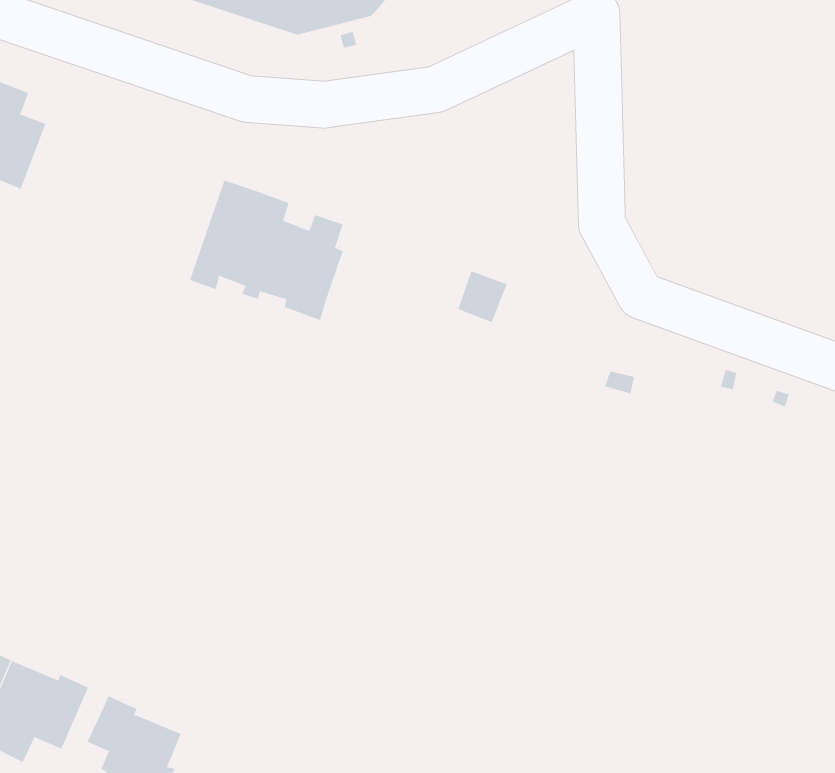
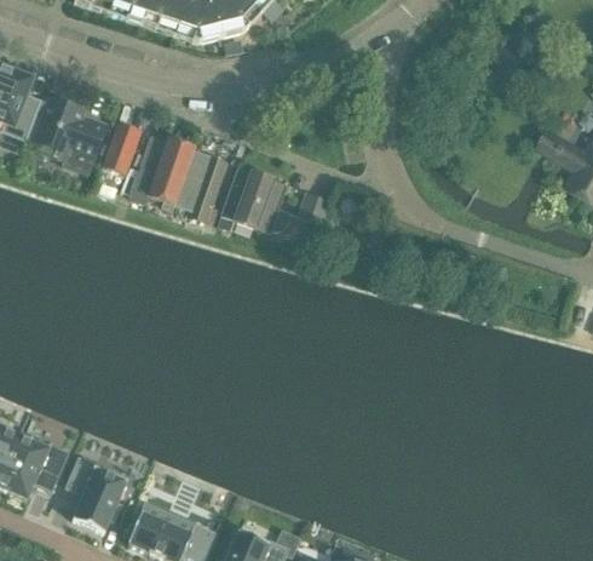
building: none -> [27,96,108,172]
building: none -> [104,121,142,171]
building: none -> [218,164,292,229]

